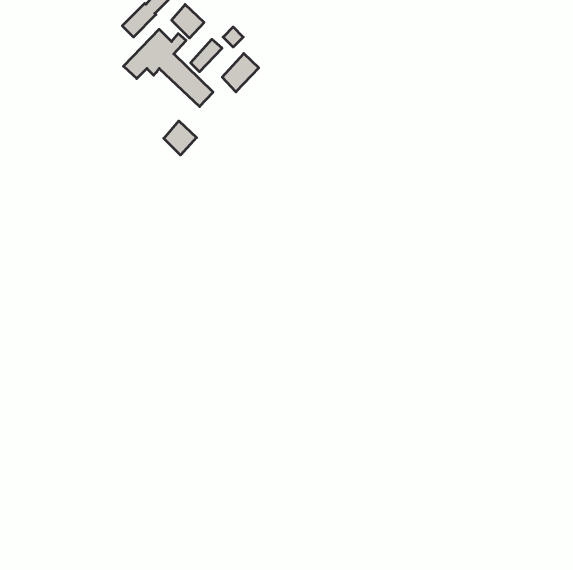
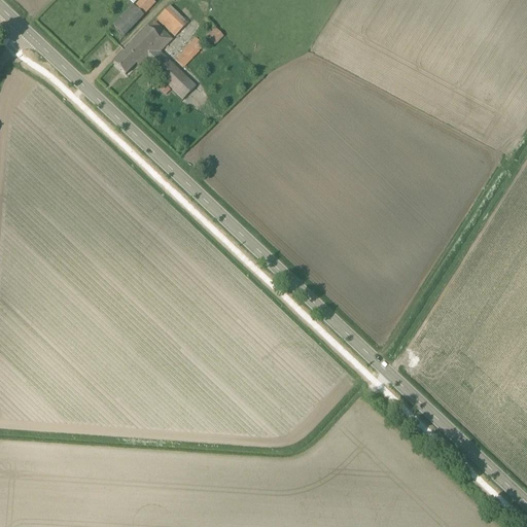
building: [222,53,259,92] -> none
building: [164,121,197,155] -> none

